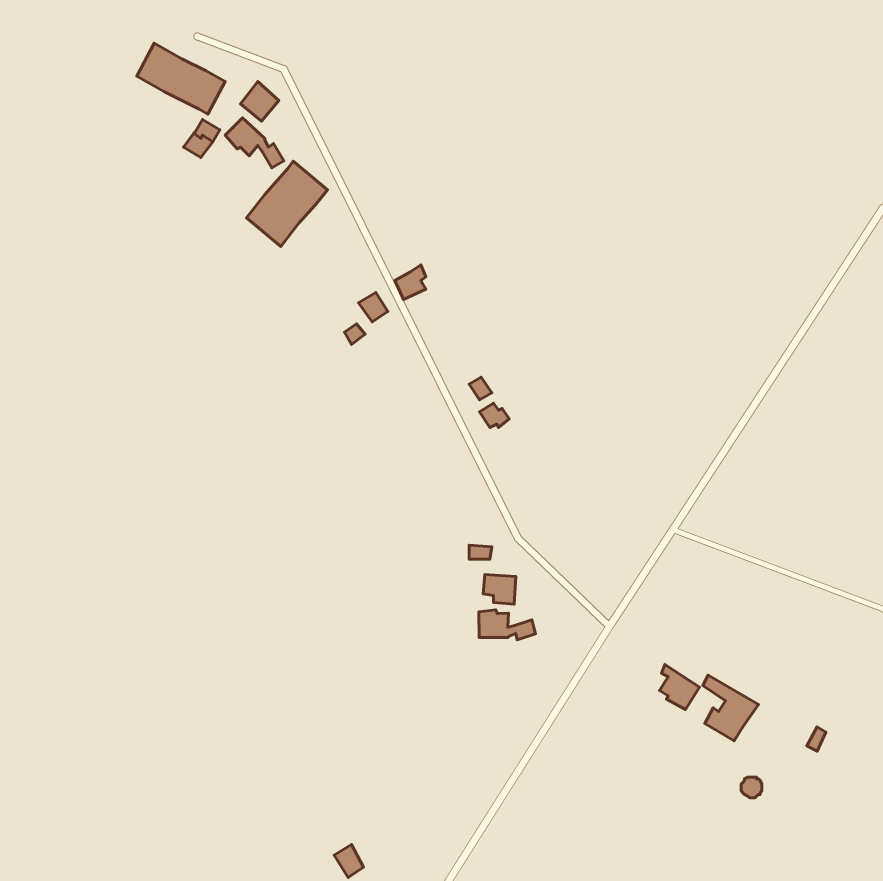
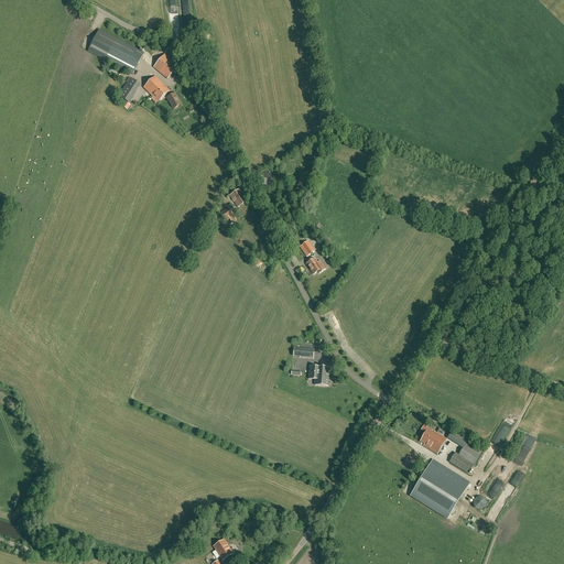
building: [246,161,328,246] -> none
building: [479,610,536,640] -> none
building: none -> [410,459,468,517]

